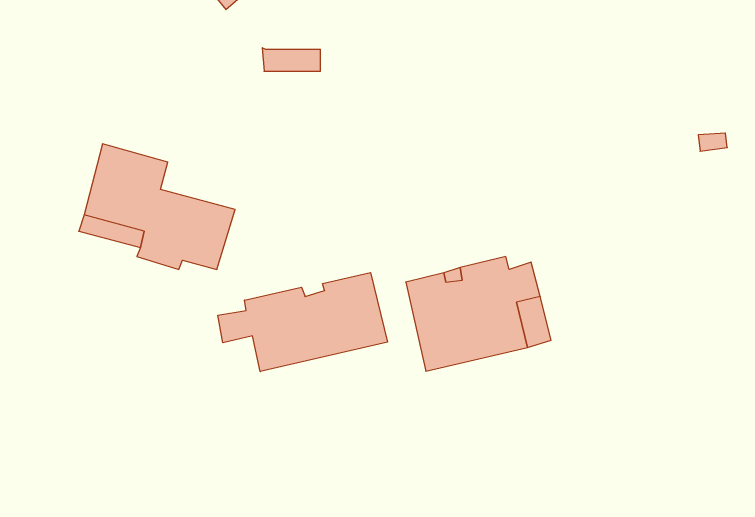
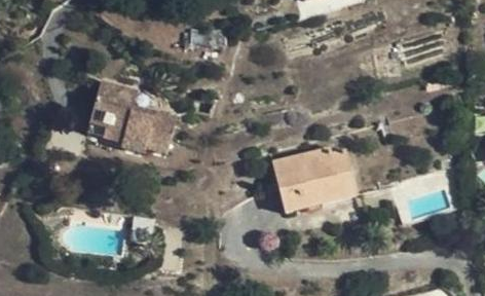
building: [218,273,387,372] -> none

